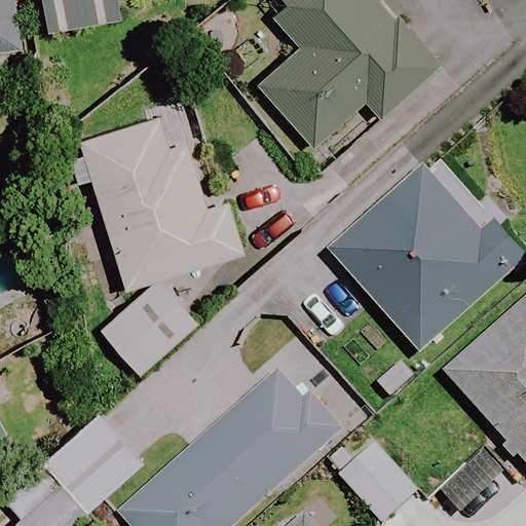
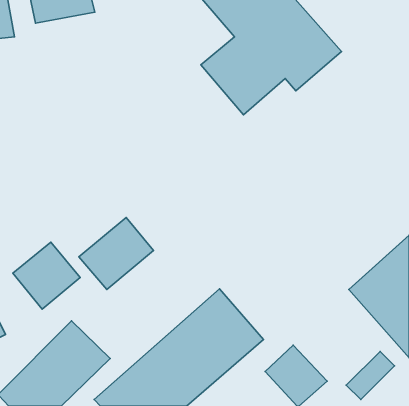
building: [79,114,240,285] -> none
building: [330,163,517,351] -> none
building: none -> [13,242,80,309]

